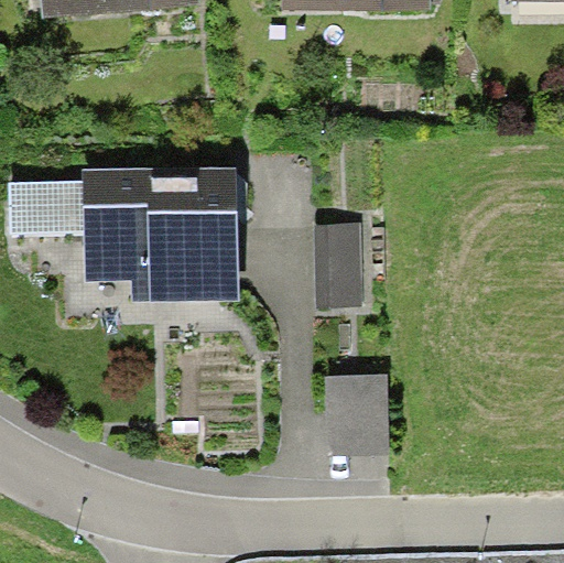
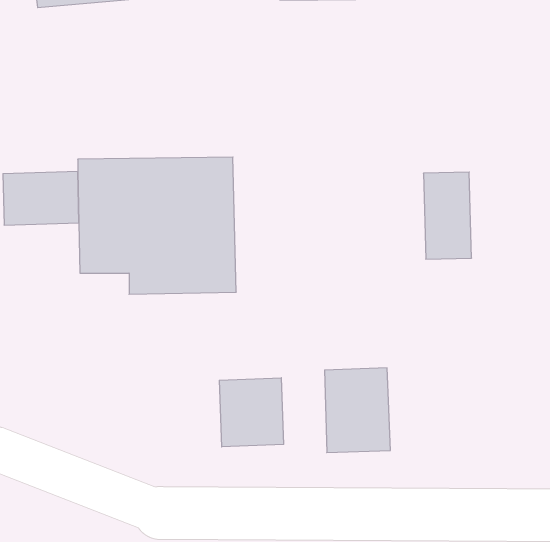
building: [315,223,362,308] -> [423,172,472,259]
building: none -> [219,378,284,447]

